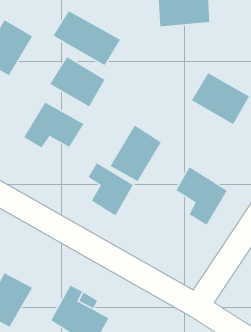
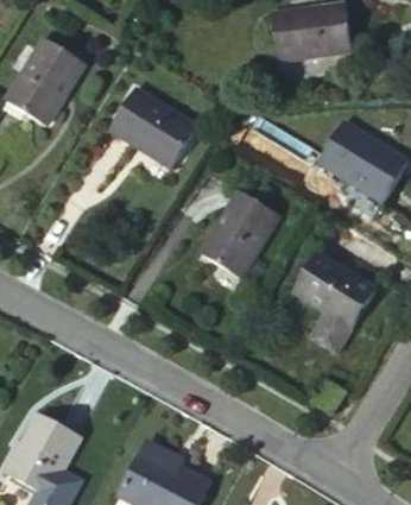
building: [52,10,121,66] -> none
building: [23,102,84,148] -> none
building: [88,162,134,217] -> none

